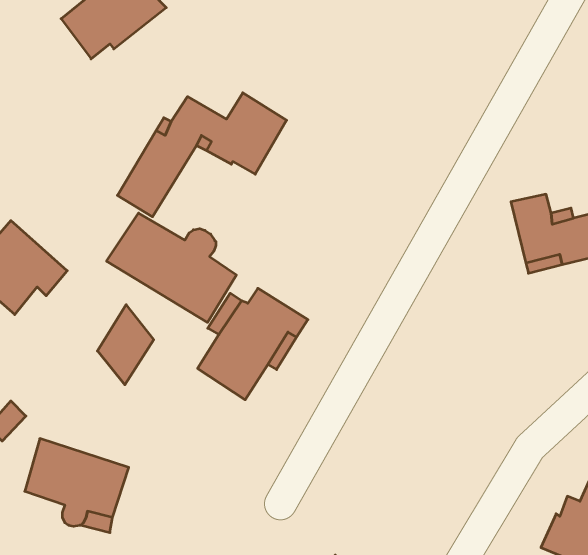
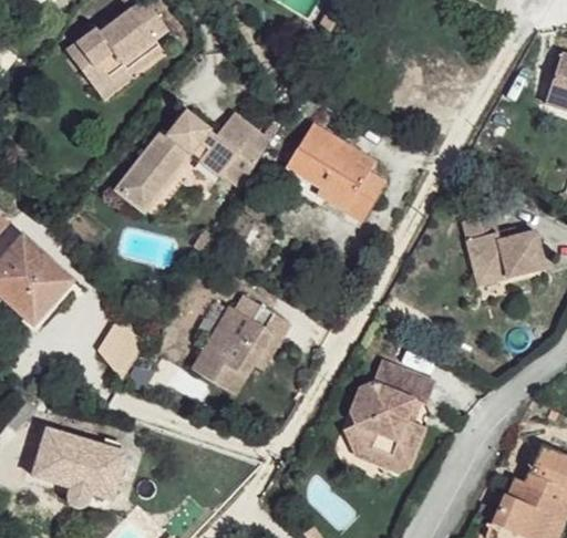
building: none -> [286,123,385,220]
building: [107,213,236,322] -> none
building: none -> [342,356,437,468]

